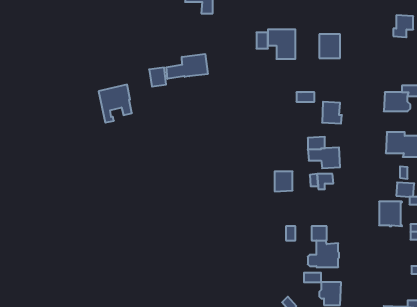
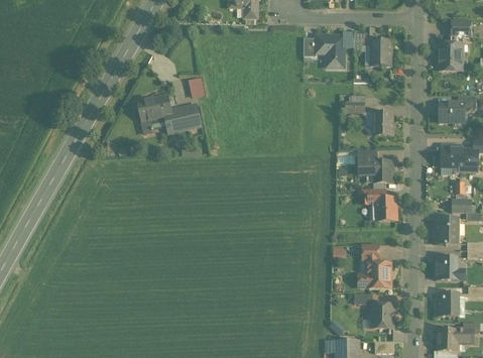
building: none -> [438,41,464,70]
building: [166,54,208,79] -> none
building: none -> [168,104,200,127]
building: [275,171,293,191] -> [376,198,395,219]
building: none -> [435,255,465,279]
building: none -> [437,291,458,315]

